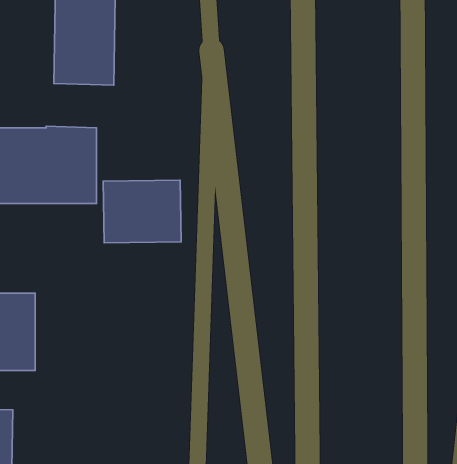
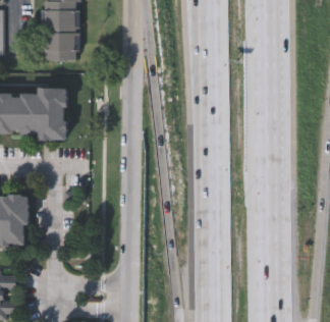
building: [103,180,181,243] -> none

